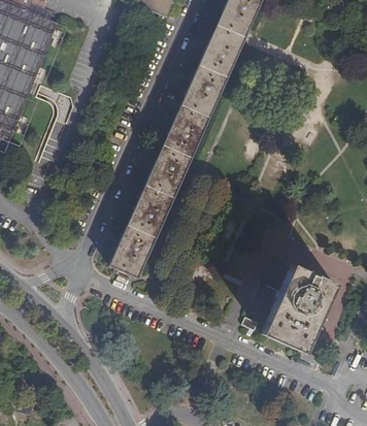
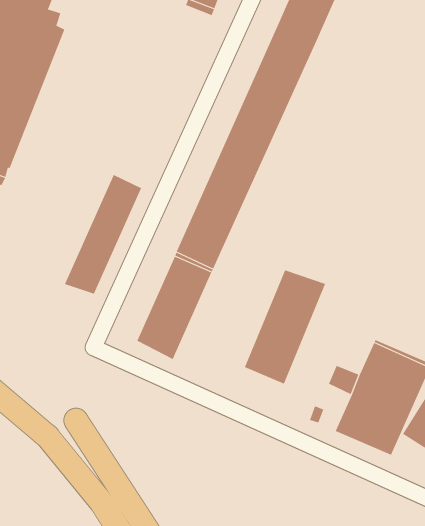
building: none -> [64,174,142,295]
building: none -> [244,270,326,385]

